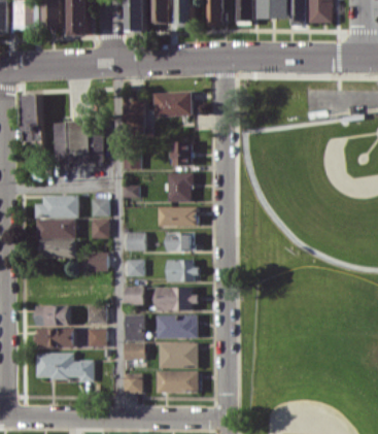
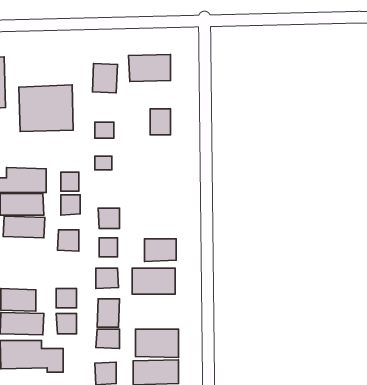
building: [168,173,192,202] -> none
building: [159,207,198,226] -> none
building: [167,232,194,251] -> none
building: [156,314,198,338] -> none

